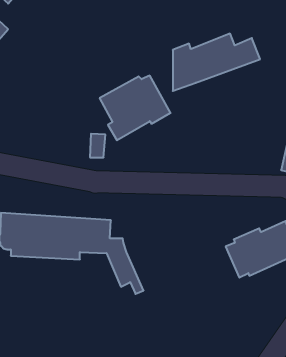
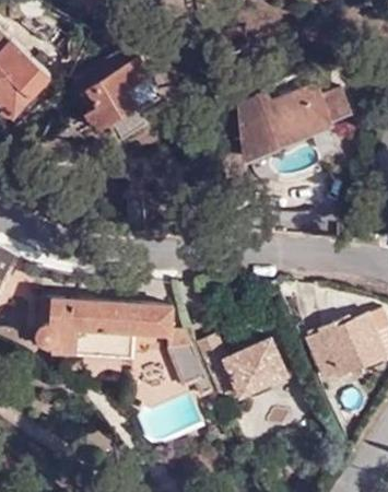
building: [100,76,171,140] -> [77,51,162,129]
building: none -> [197,339,286,399]

